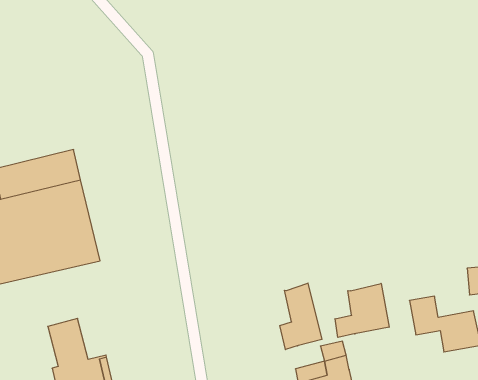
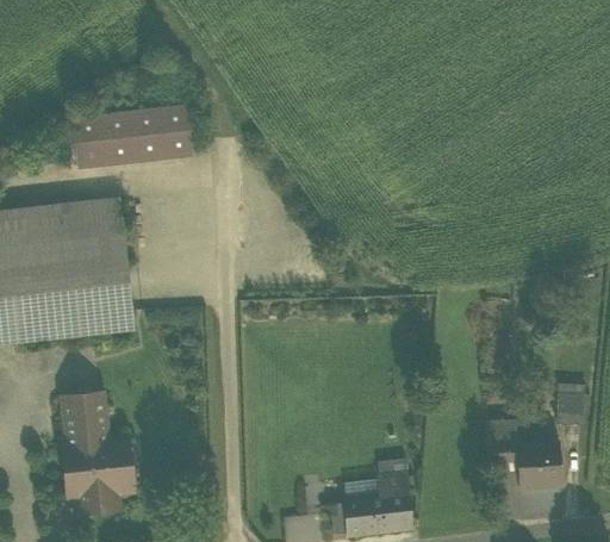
building: none -> [73,107,191,166]
building: [280,283,322,350] -> none
building: [335,283,389,337] -> none

